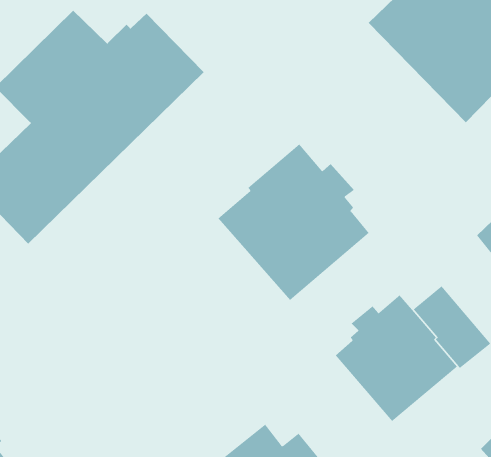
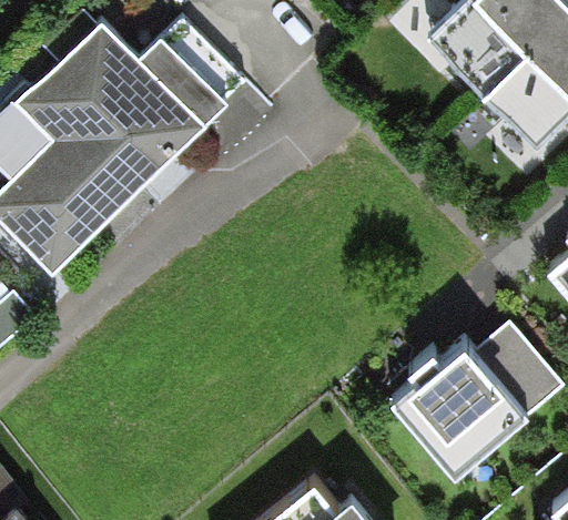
building: [218,143,370,301] -> none

